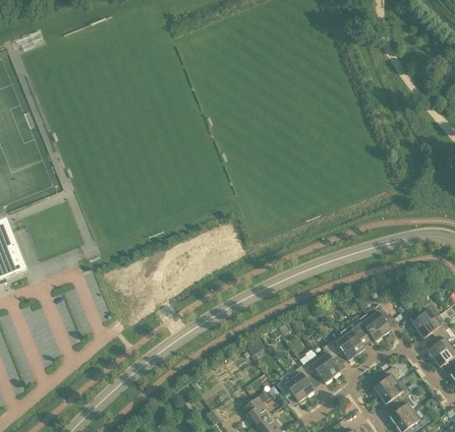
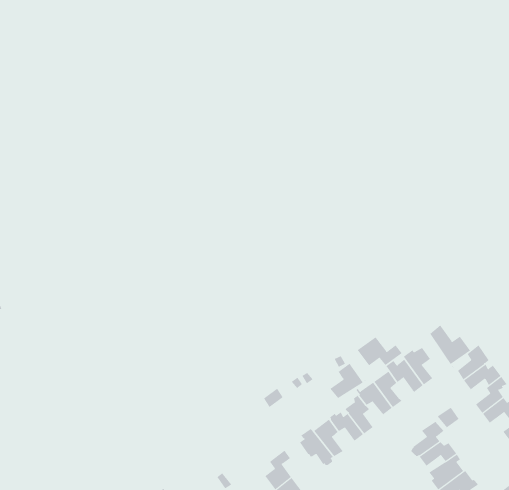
building: none -> [430,324,471,368]
building: none -> [357,337,403,366]
building: none -> [330,363,366,399]

